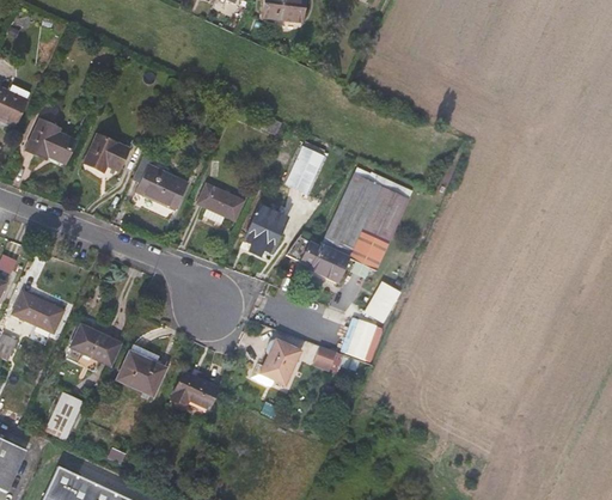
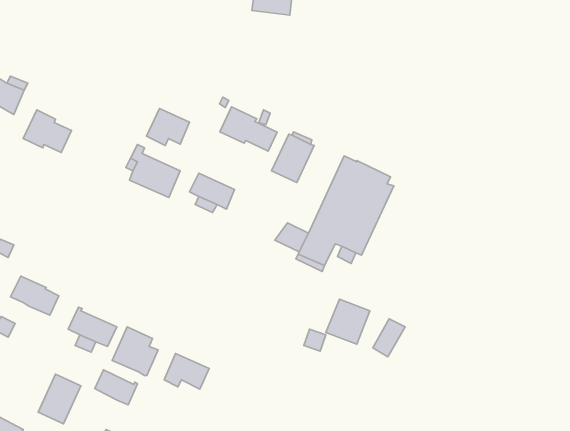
building: none -> [220,107,277,151]
building: [84,134,128,172] -> [147,108,189,145]
building: [244,207,282,252] -> none
building: [367,283,400,323] -> [373,319,405,357]
building: [251,340,300,386] -> none
building: none -> [95,370,138,405]

